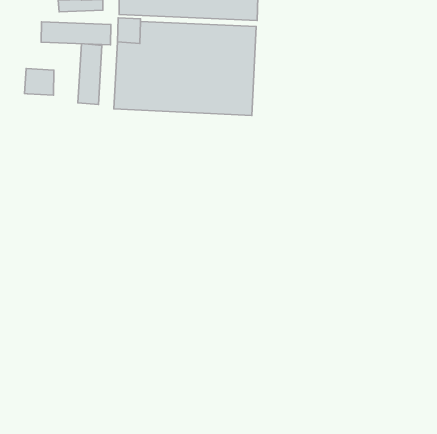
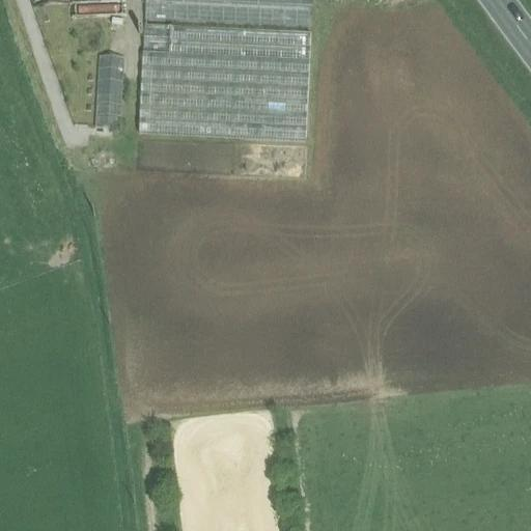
building: [41,22,111,45] -> none
building: [25,69,54,95] -> none

